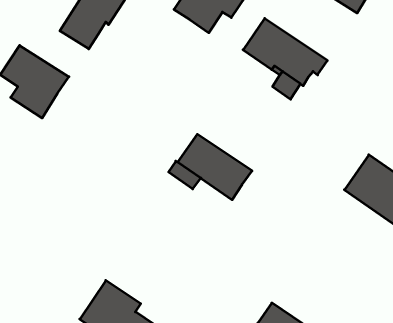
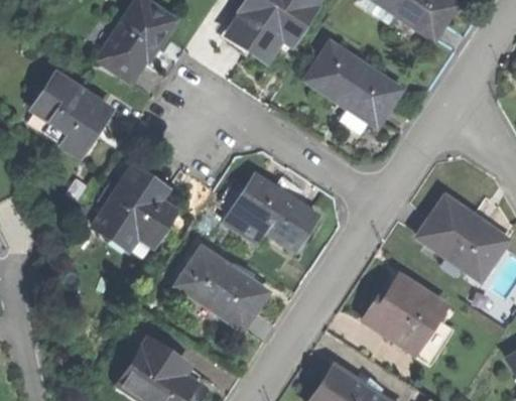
building: none -> [95,166,176,249]
building: none -> [177,248,267,324]
building: none -> [365,276,445,351]

